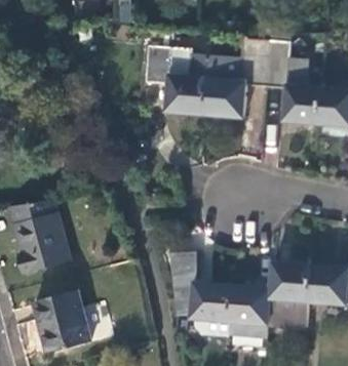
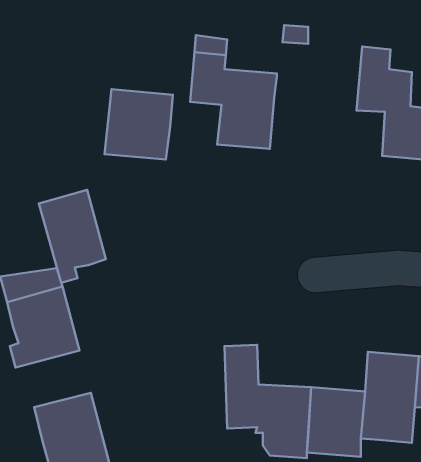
building: [204,41,271,119] -> none
building: none -> [105,89,173,160]
building: none -> [39,190,106,283]

